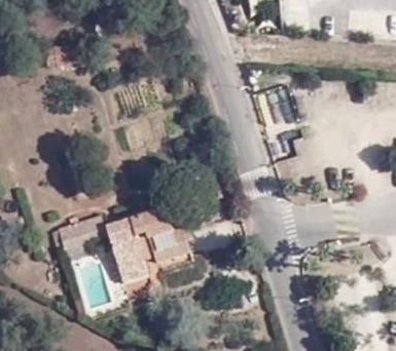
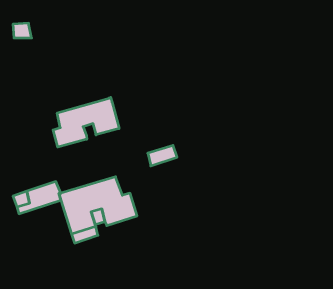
building: none -> [53,97,119,147]

